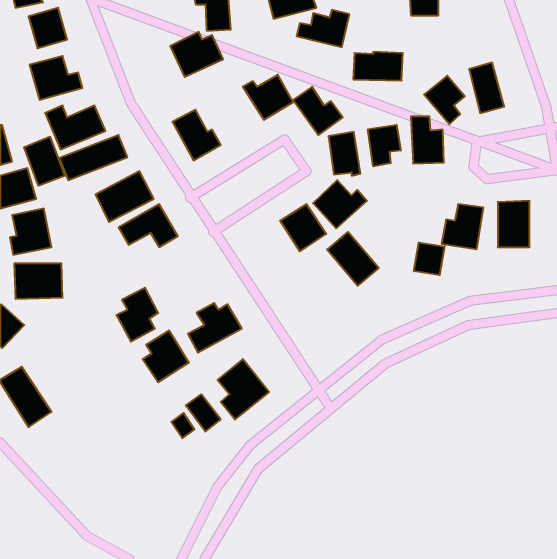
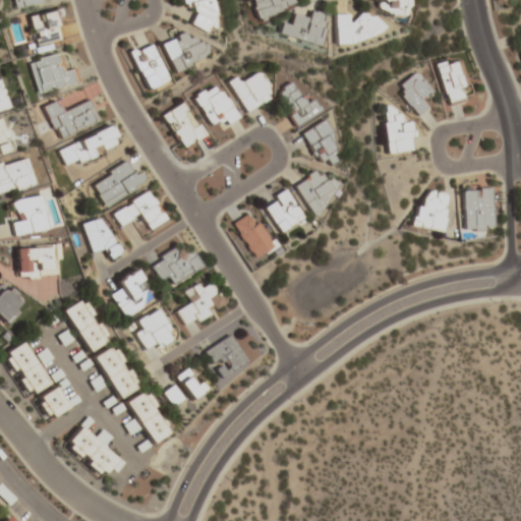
building: none -> [132,42,169,90]
building: [353,52,403,81] -> [336,12,382,39]
building: none -> [194,81,239,125]
building: [368,125,401,166] -> none
building: [24,137,65,186] -> none
building: none -> [82,215,123,258]
building: [327,232,379,286] -> [231,211,279,260]
building: [414,242,445,275] -> none
building: none -> [151,244,205,284]
building: none -> [64,296,111,352]
building: none -> [95,342,141,399]
building: none -> [36,385,71,419]
building: none -> [126,388,173,444]
building: none -> [66,424,124,476]

